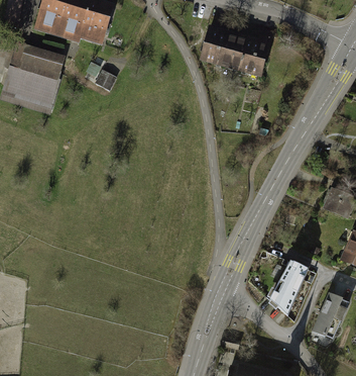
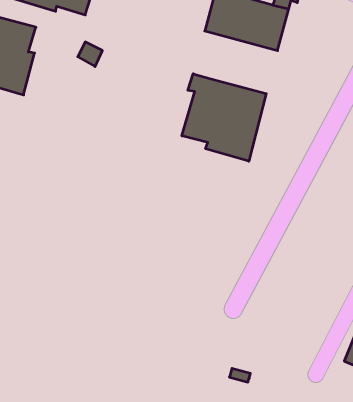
building: none -> [182,74,266,161]
building: [269,262,310,316] -> none

